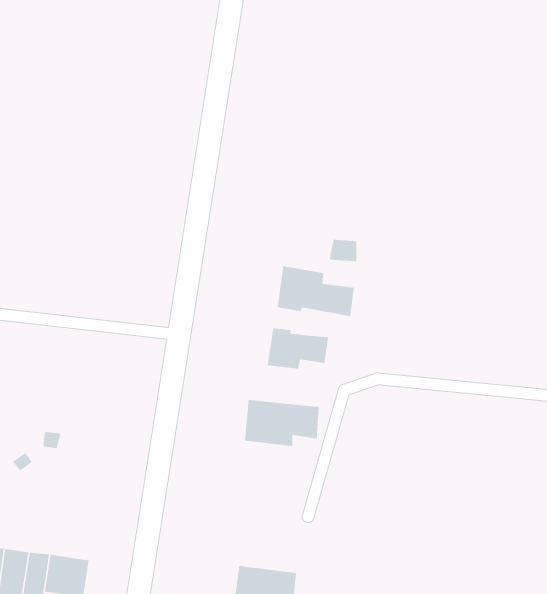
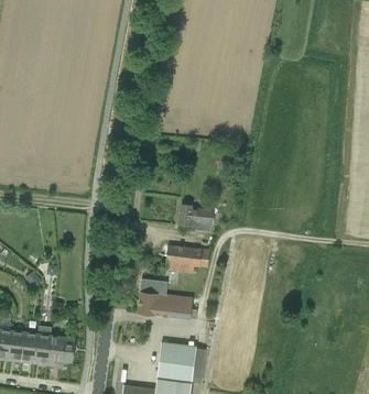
building: [277,266,355,317] -> none
building: none -> [138,278,197,319]

